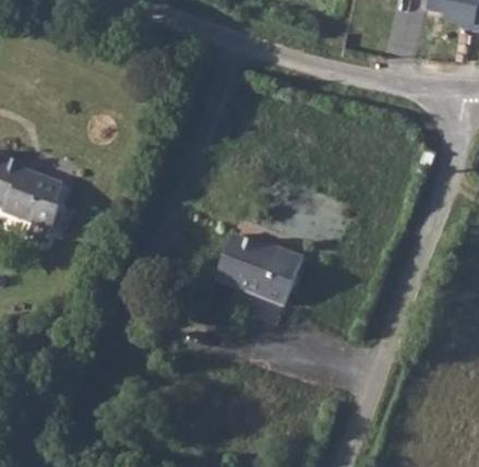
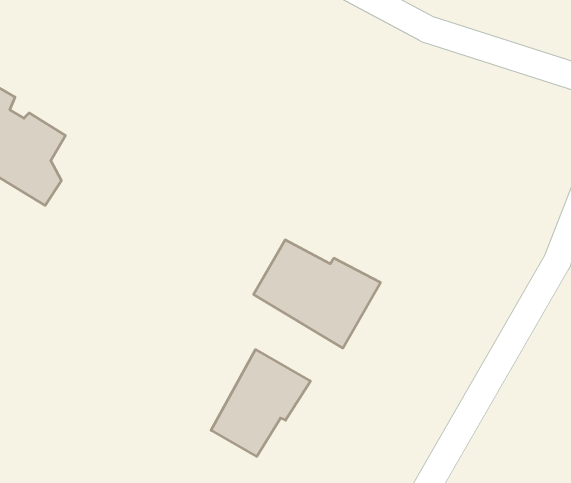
building: none -> [211,350,310,456]

